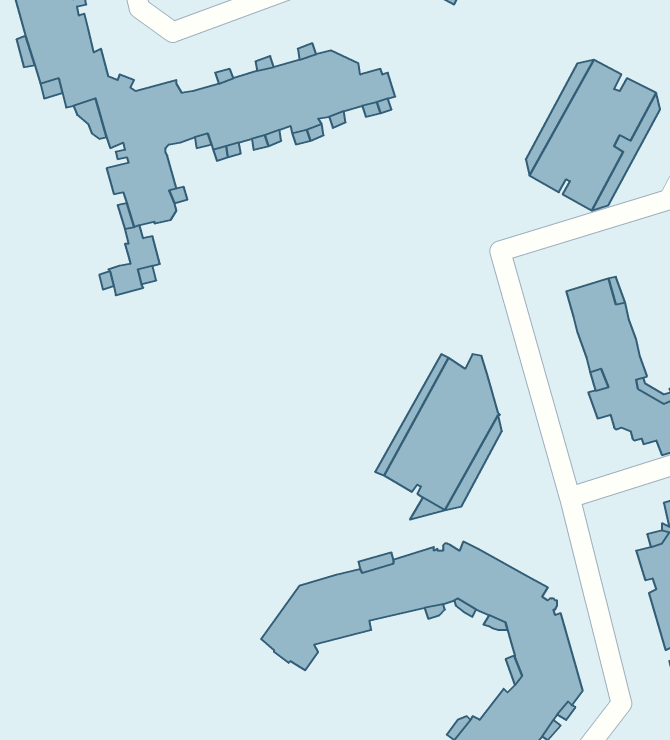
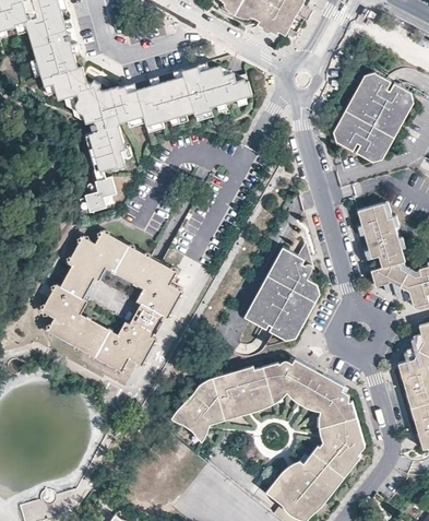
building: none -> [40,232,181,370]

